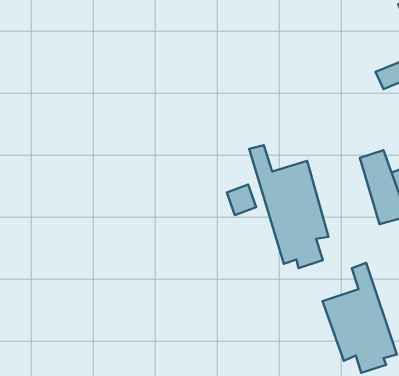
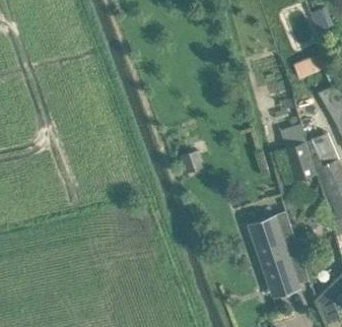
building: [249,145,329,268] -> none

